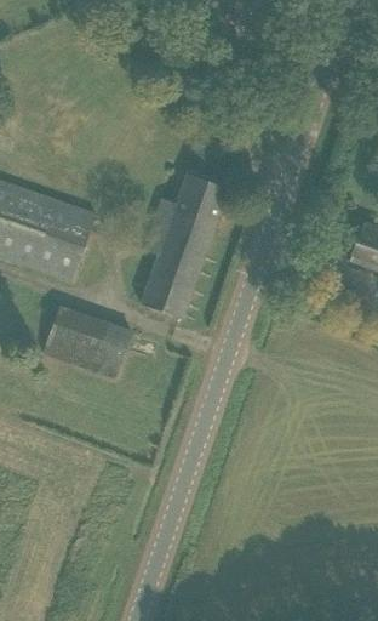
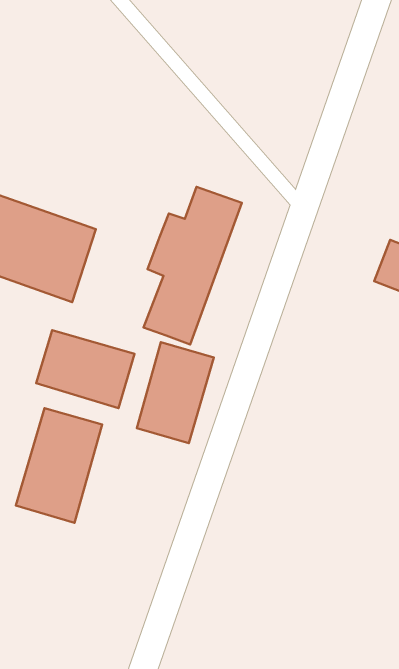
building: none -> [137,342,214,443]
building: none -> [16,408,102,523]

